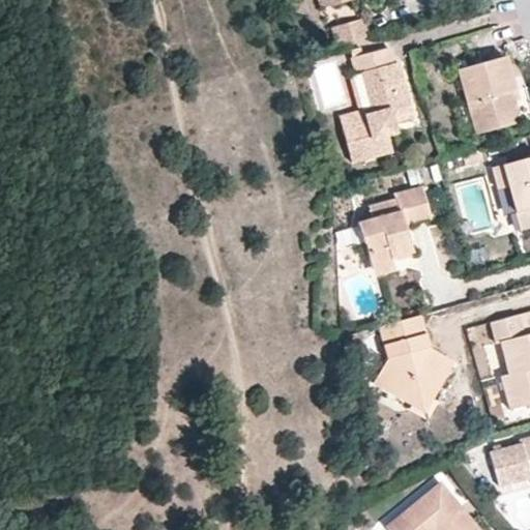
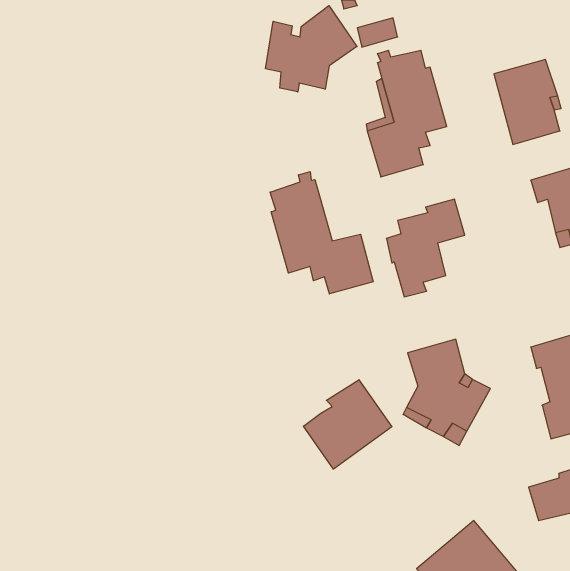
building: none -> [266,6,357,92]
building: none -> [270,172,373,294]
building: none -> [303,380,392,469]

